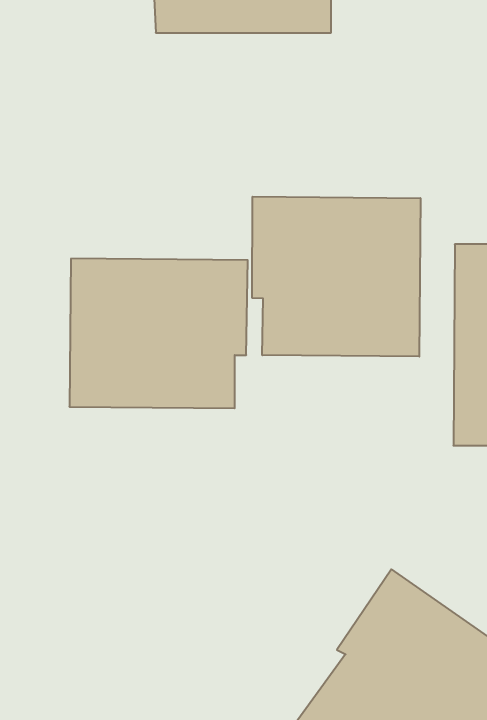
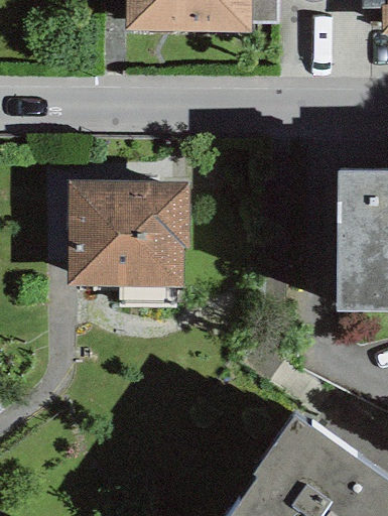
building: [252,197,420,357] -> none

